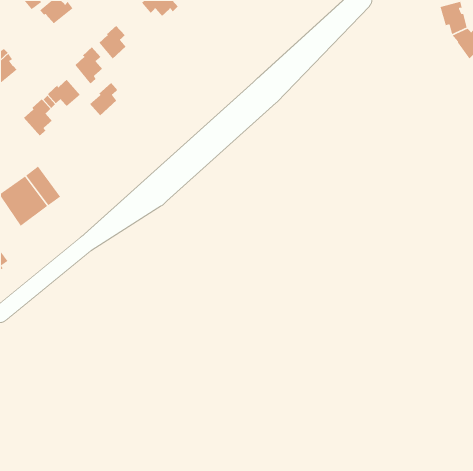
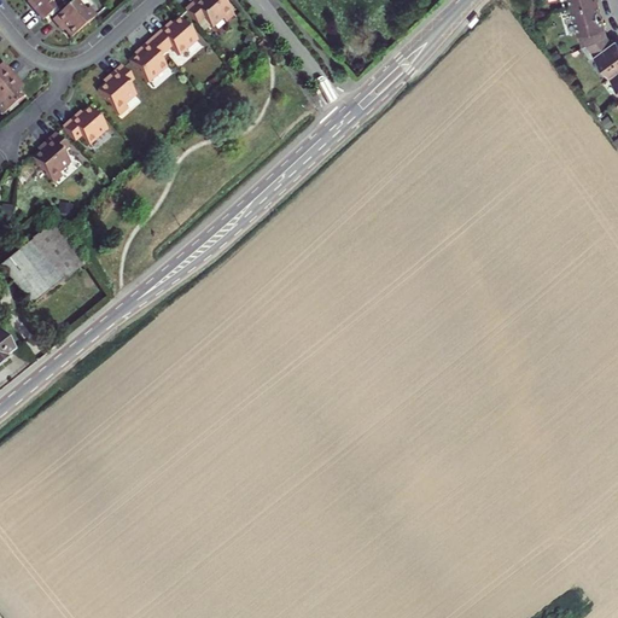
building: none -> [153,17,198,54]
building: [89,83,118,116] -> none

